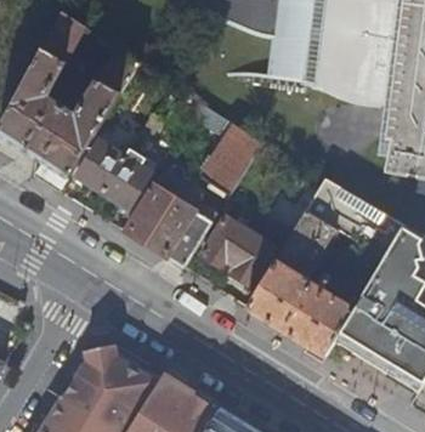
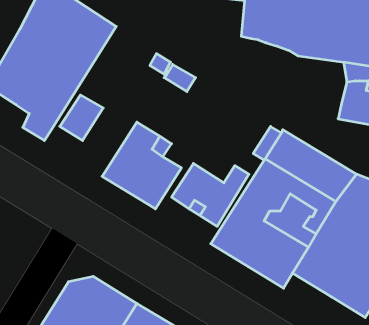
building: [200,125,262,194] -> none
building: [102,148,155,208] -> none

